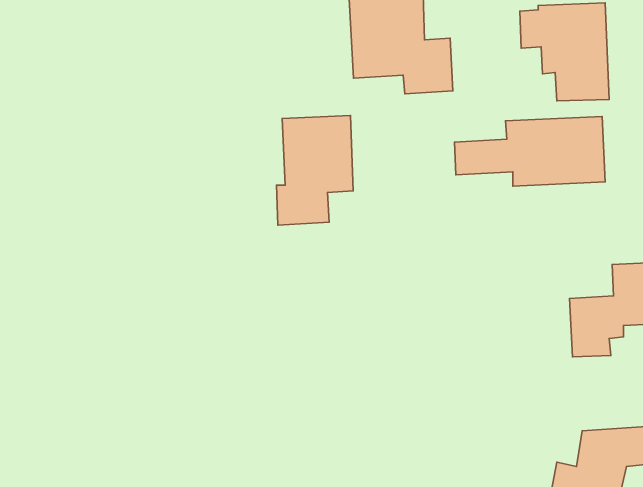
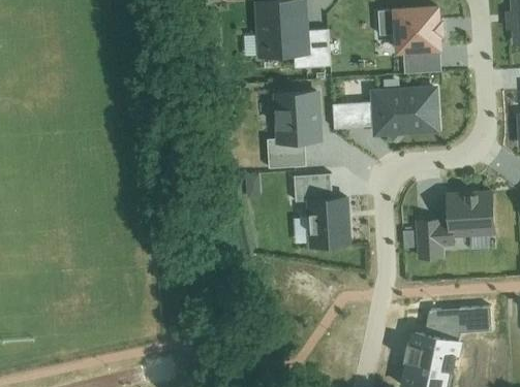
building: [276,116,353,225] -> [268,88,324,167]
building: none -> [296,175,351,248]

